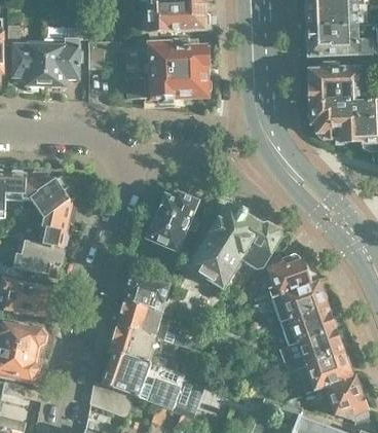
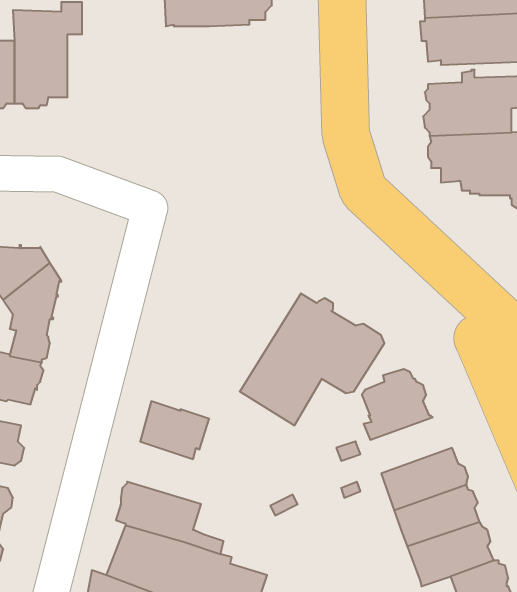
building: [88,39,211,102] -> none
building: [147,190,204,255] -> none
building: [272,280,327,319] -> none
building: [117,298,187,346] -> none

